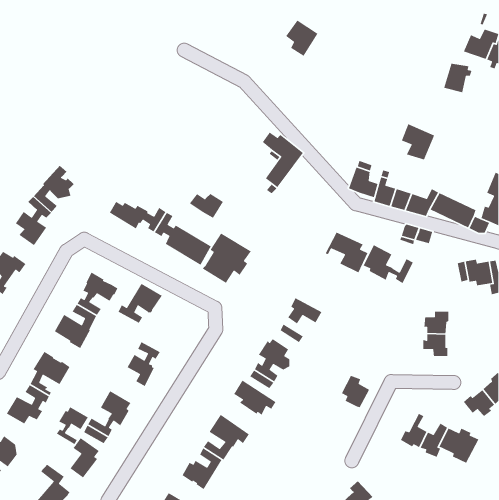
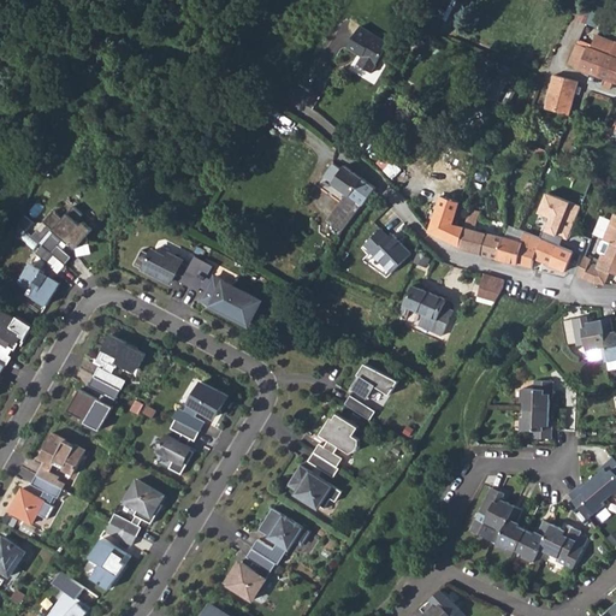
building: [401,123,435,161] -> [534,194,576,239]
building: none -> [359,229,405,276]
building: [189,193,224,219] -> none
building: [202,233,252,284] -> none
building: [362,244,414,284] -> none
building: [118,283,163,324] -> [171,383,226,433]
building: [341,375,370,408] -> [478,490,514,531]
building: [56,406,89,445] -> none

